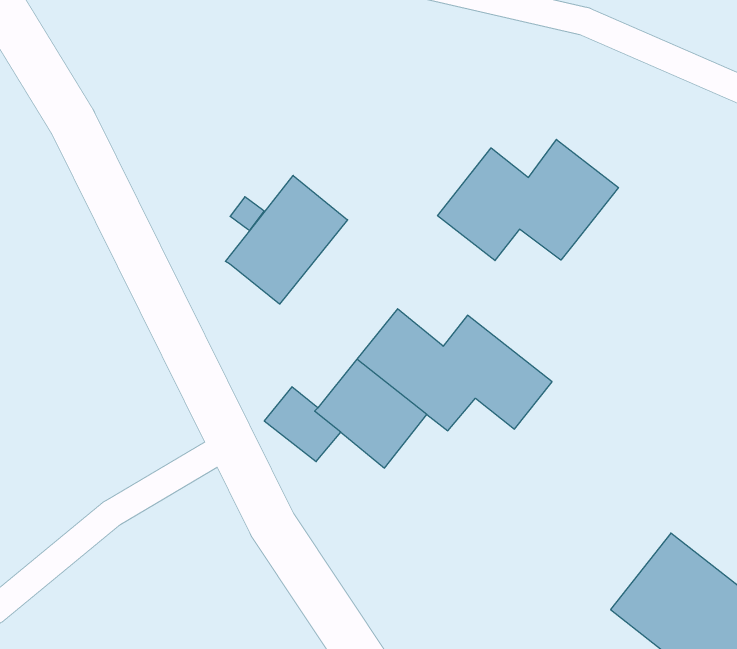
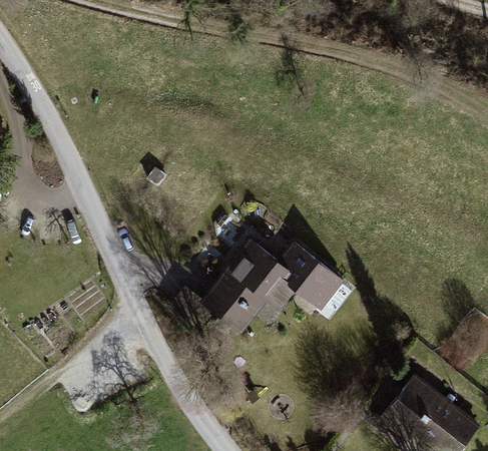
building: [438,139,618,261] -> none
building: [225,175,348,304] -> none

